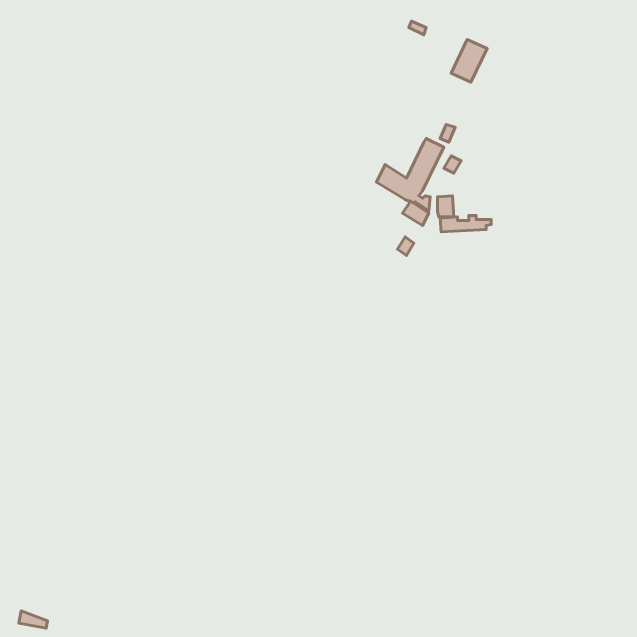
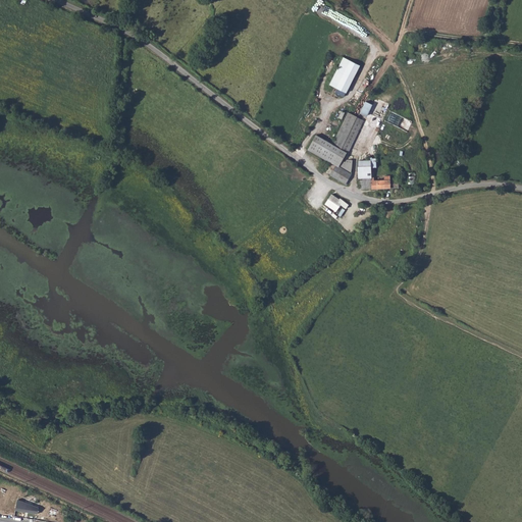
building: [451,40,487,82] -> [330,57,360,92]

